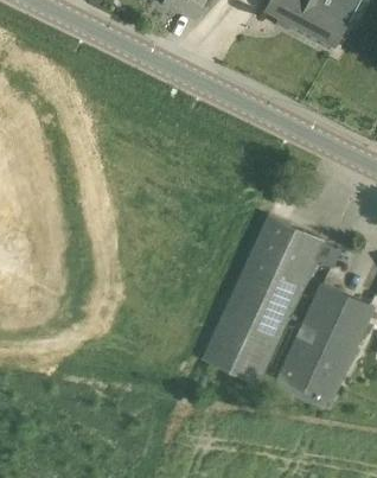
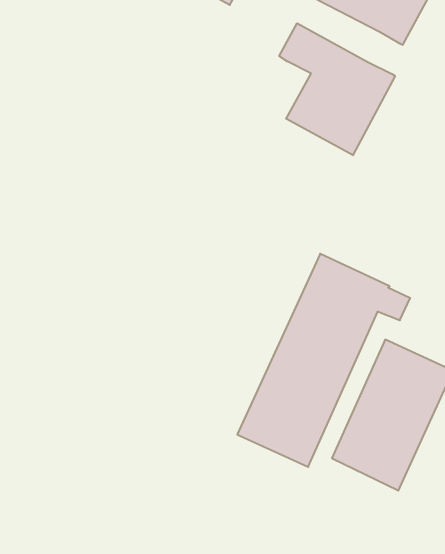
building: none -> [279,23,395,155]

